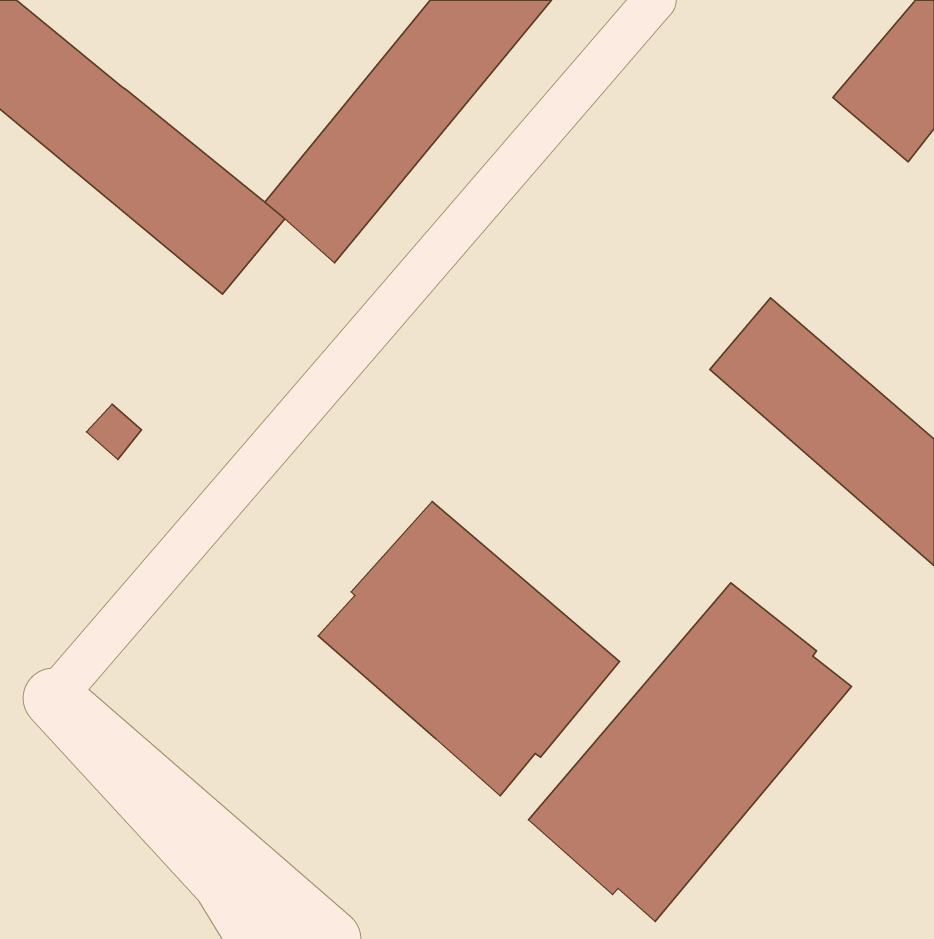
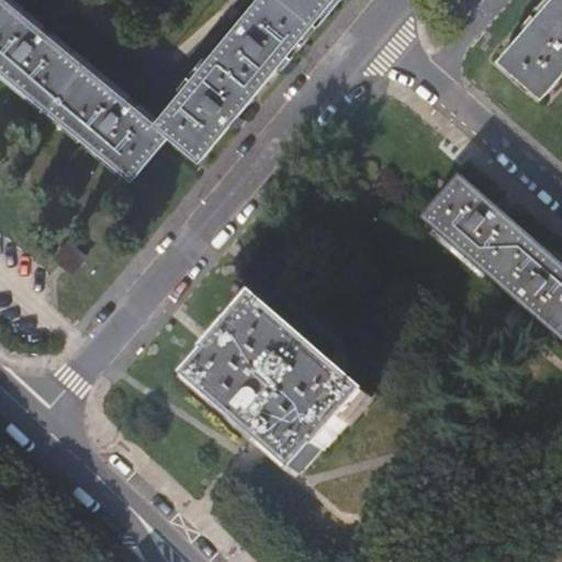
building: [529,583,852,921] -> none

